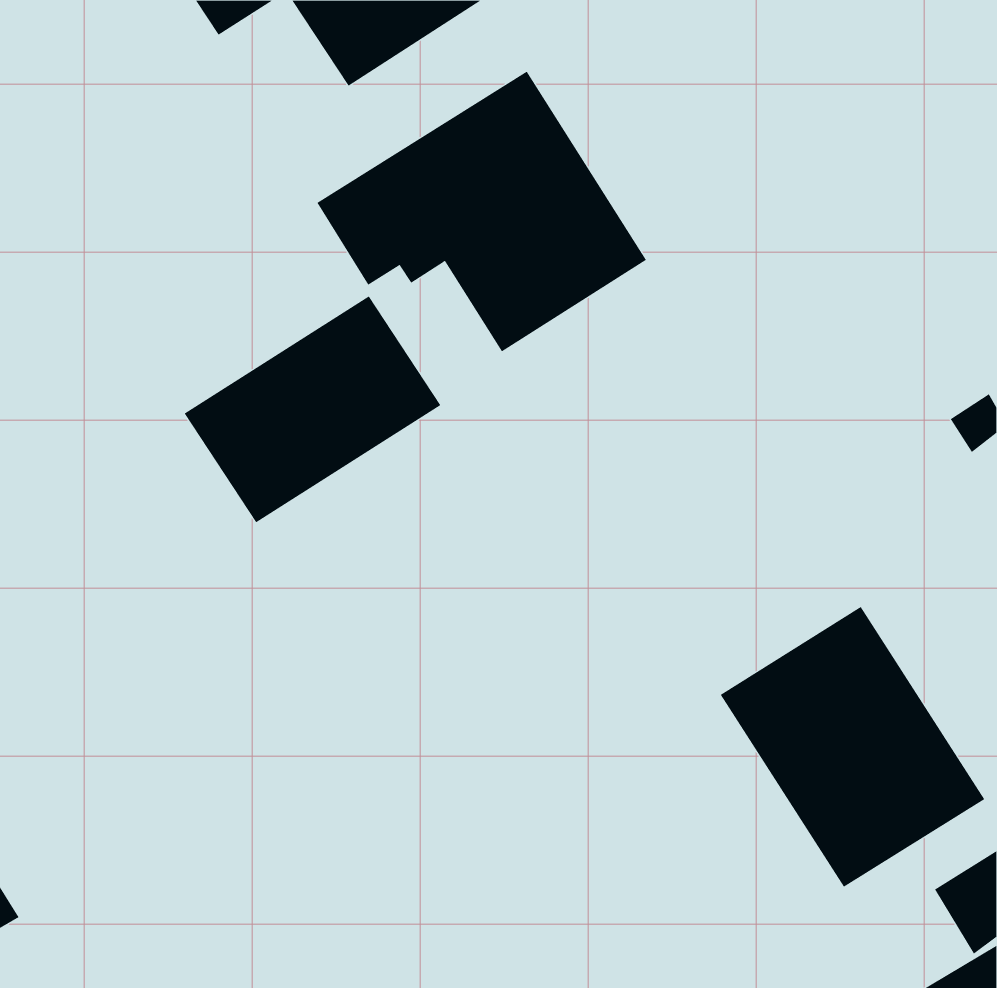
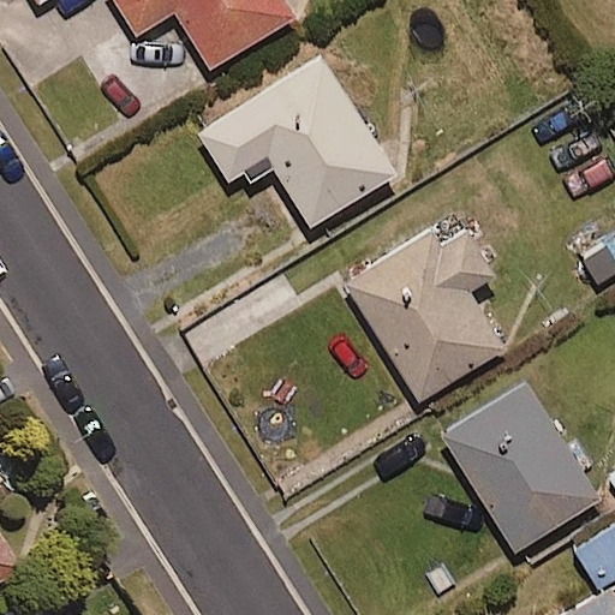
building: [184,296,441,523] -> none
building: none -> [344,229,507,404]

